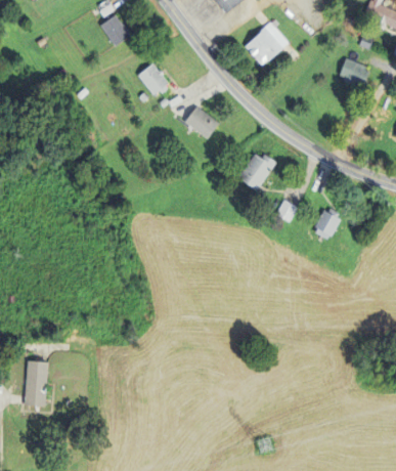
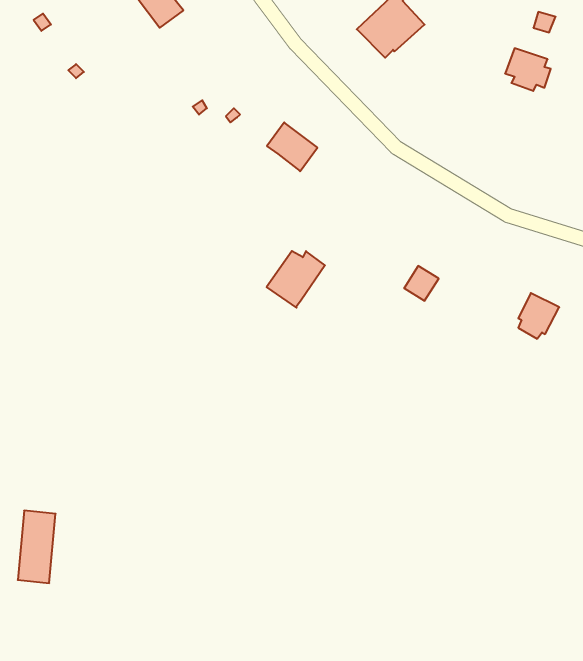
building: [137,62,169,95] -> none
building: [238,154,276,190] -> [267,251,325,308]
building: [315,210,342,240] -> [518,293,559,339]

